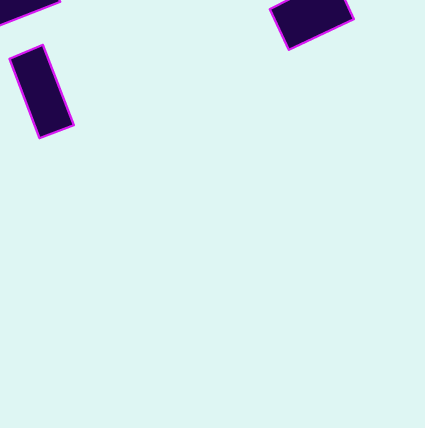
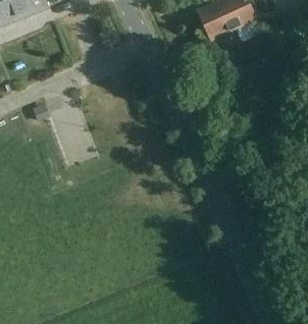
building: [9,45,74,138] -> none

